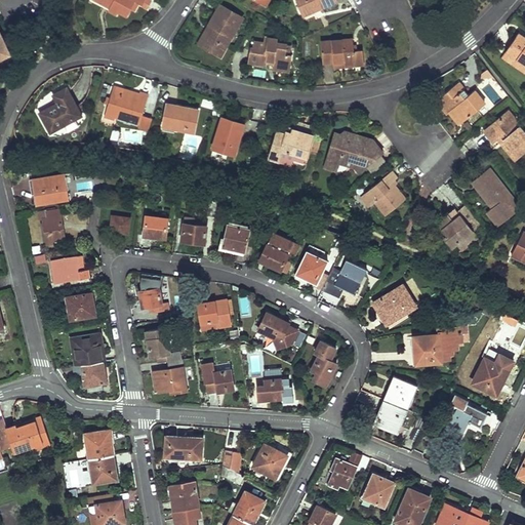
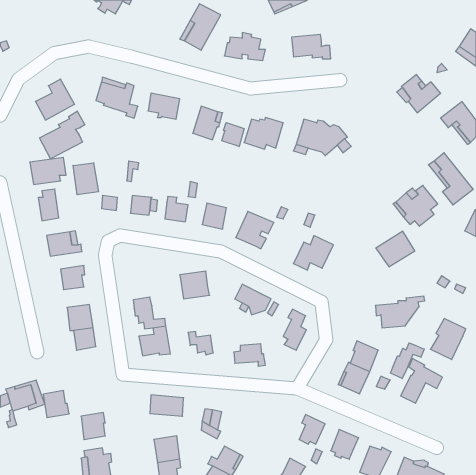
building: none -> [40,111,85,159]
building: none -> [222,123,244,147]
building: [361,171,406,215] -> none
building: none -> [73,163,98,195]
building: [295,252,334,291] -> none
building: [139,274,168,312] -> none
building: [372,286,415,325] -> [376,231,415,267]
building: none -> [390,343,424,379]
building: [85,430,114,459] -> [43,391,69,418]
building: [253,444,287,479] -> none

